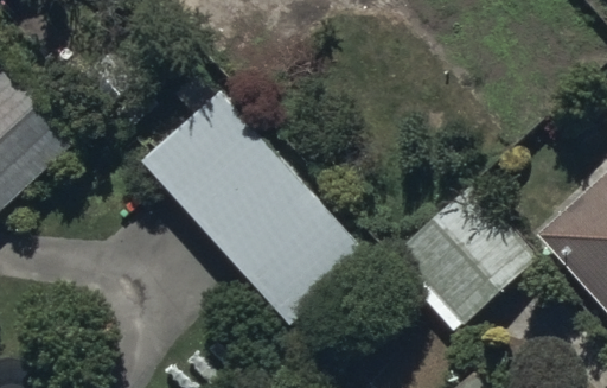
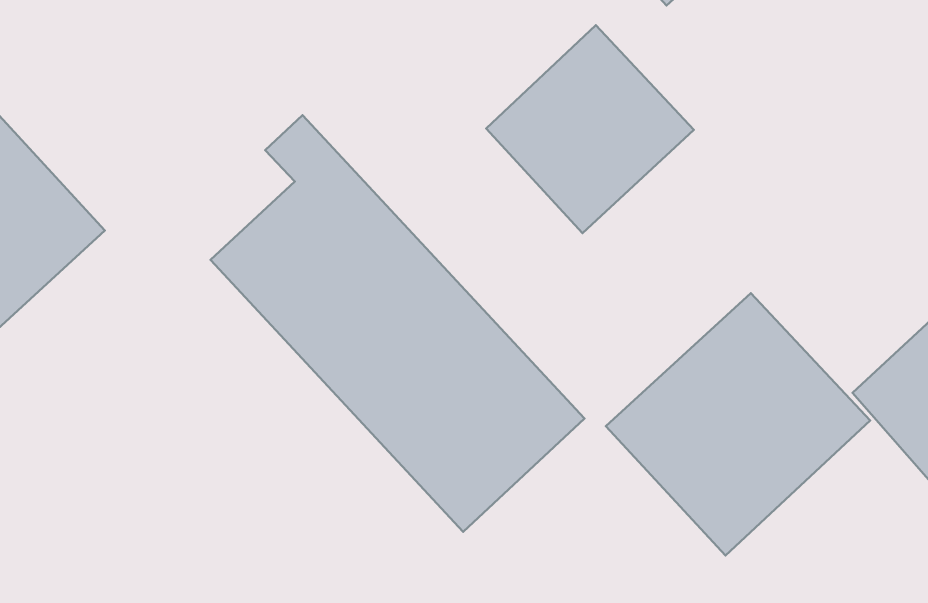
building: none -> [486,25,694,233]

